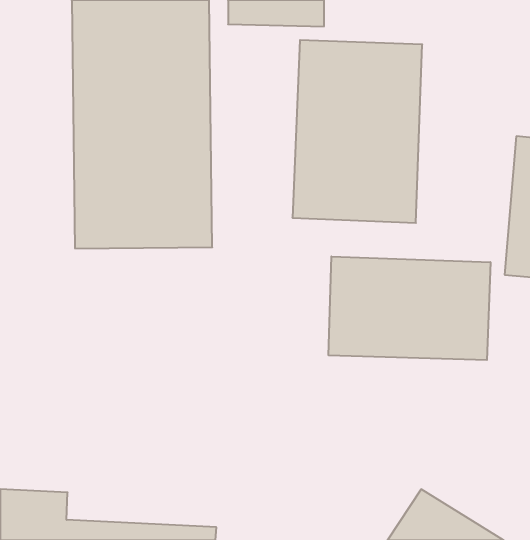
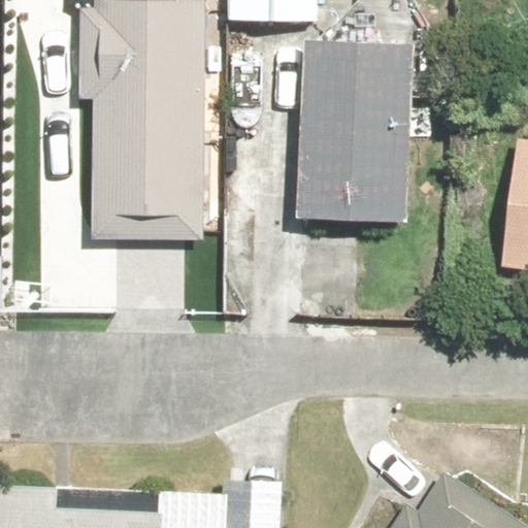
building: [329,256,490,360] -> none

